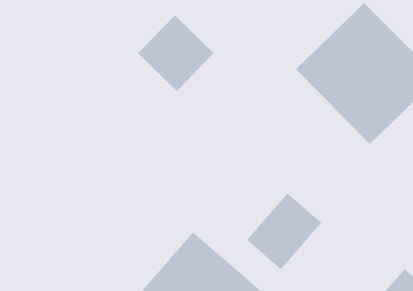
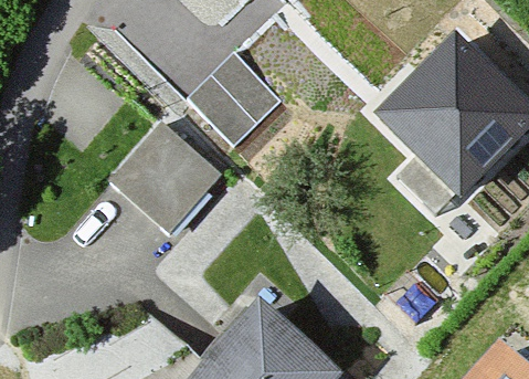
building: none -> [108,115,223,229]
building: [246,193,322,270] -> none

